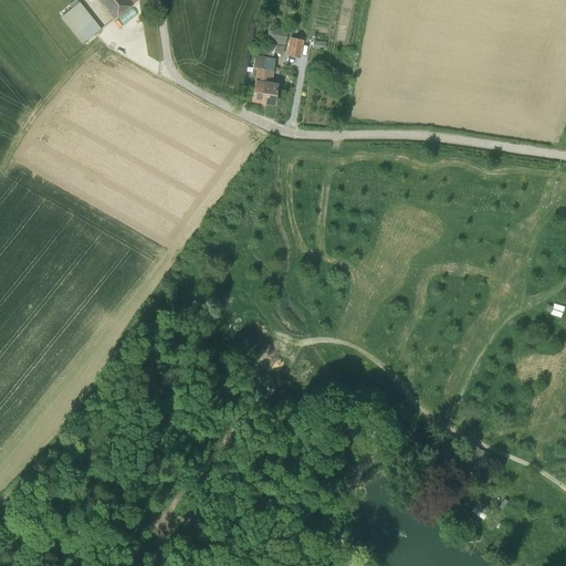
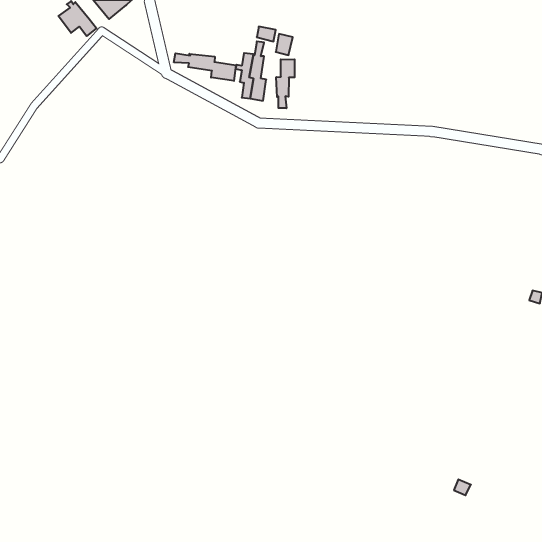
building: none -> [174,53,236,81]
building: none -> [276,59,295,108]

